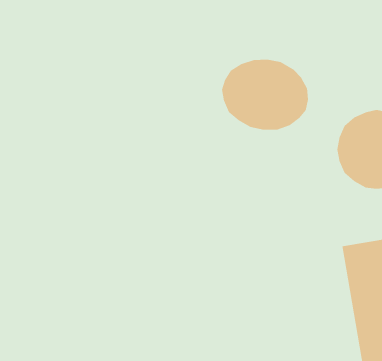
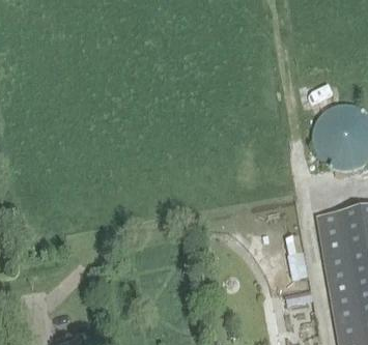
building: [221,59,309,131] -> none

